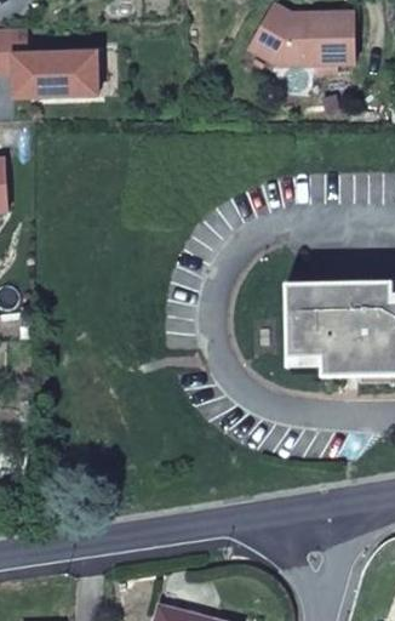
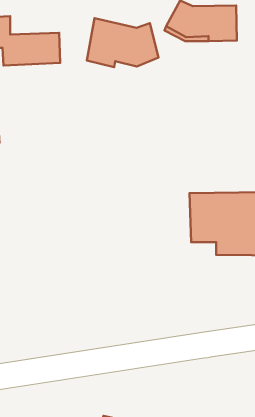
building: none -> [87,18,159,67]

